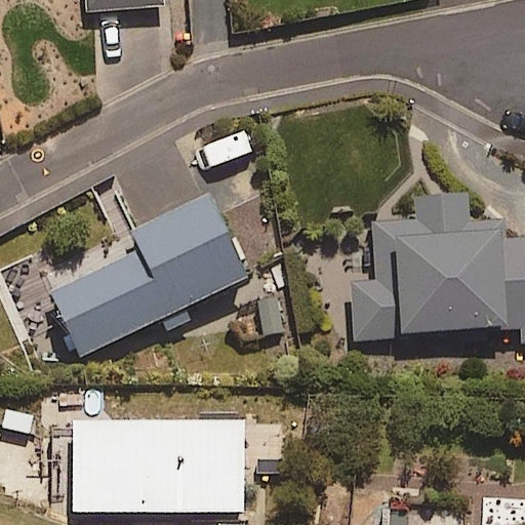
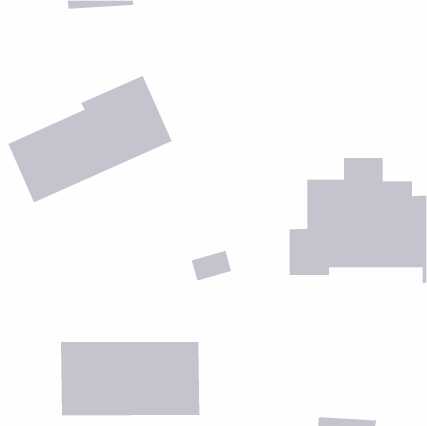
building: [45,198,247,355] -> [8,75,173,203]

